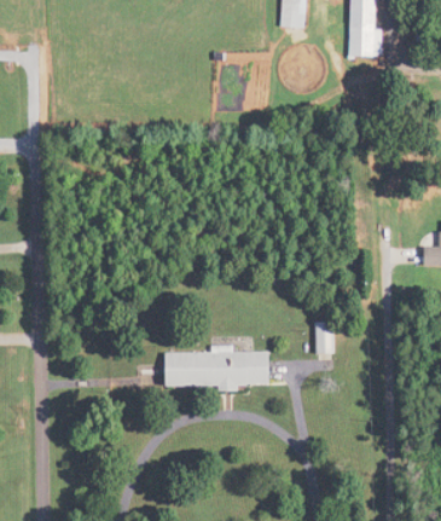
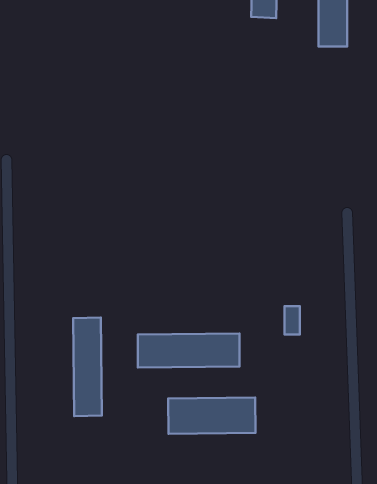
building: none -> [73,317,102,416]
building: none -> [168,398,256,434]

